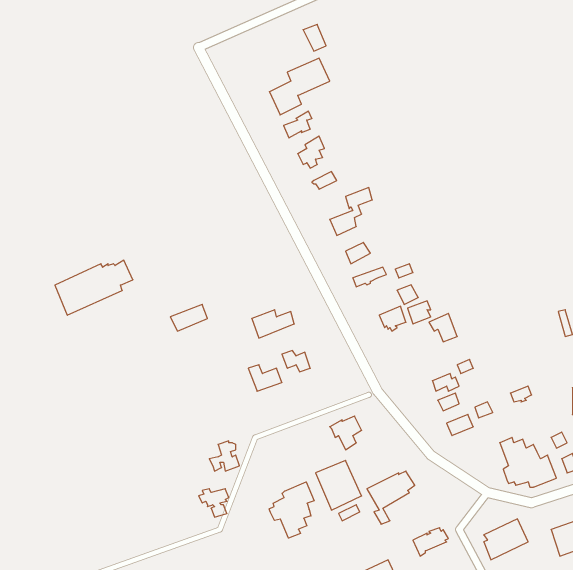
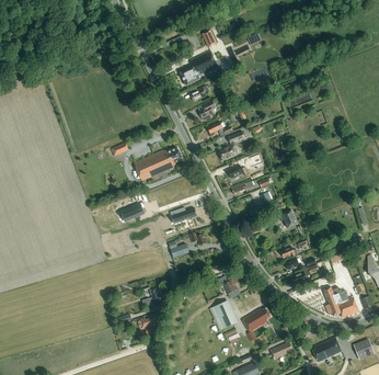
building: [55,260,133,315] -> [134,147,182,181]
building: [269,482,314,538] -> none

